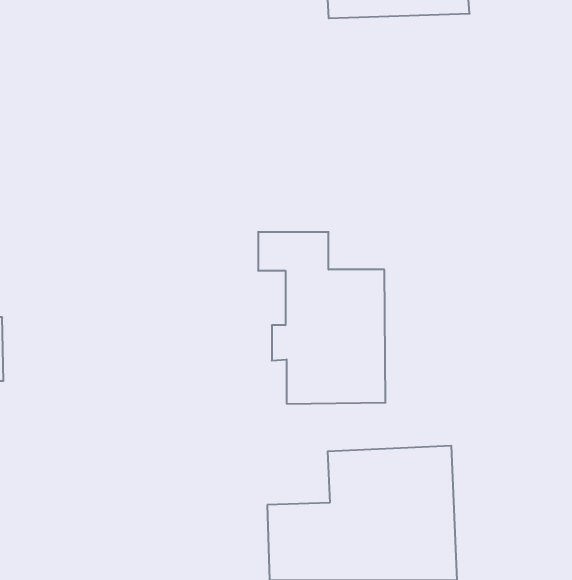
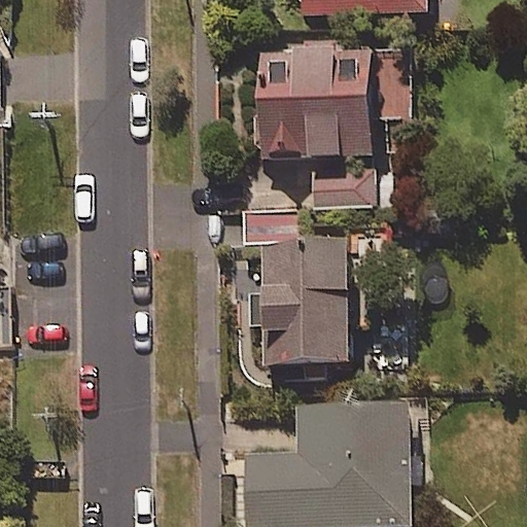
building: none -> [257,37,409,212]

